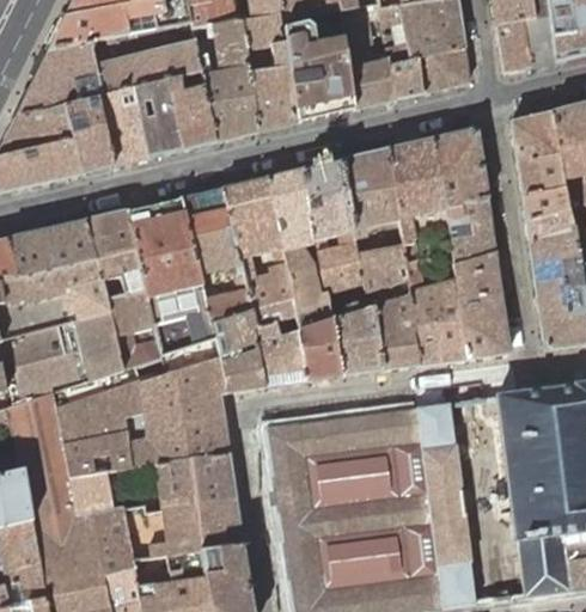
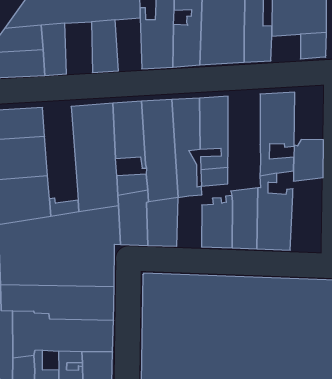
building: [390,55,435,99] -> none
building: [167,71,216,149] -> none
building: [98,87,148,166] -> none
building: [435,128,487,212] -> none
building: [343,148,399,235] -> none
building: [87,210,155,335] -> none
building: [359,243,410,290] -> none
building: [454,250,511,359] -> none
building: [298,307,342,380] -> none

